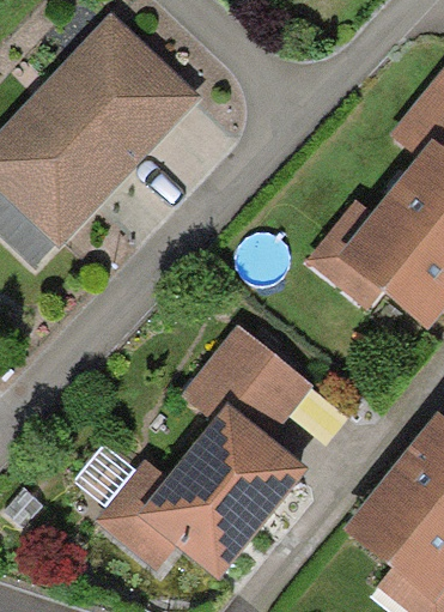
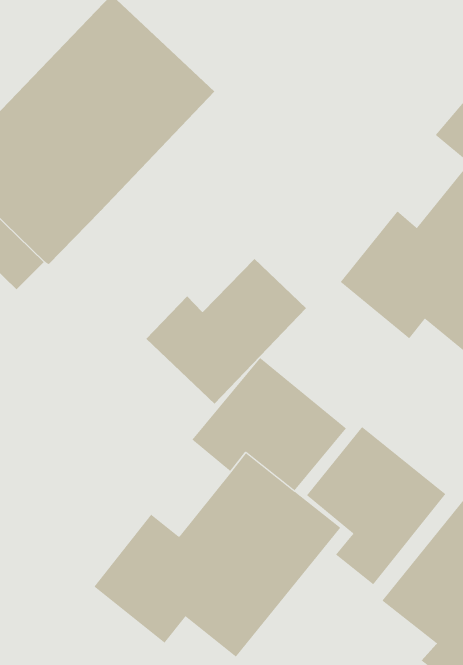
building: none -> [145,258,307,404]
building: none -> [306,426,446,585]

